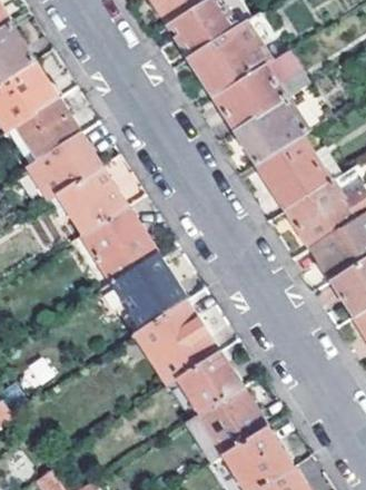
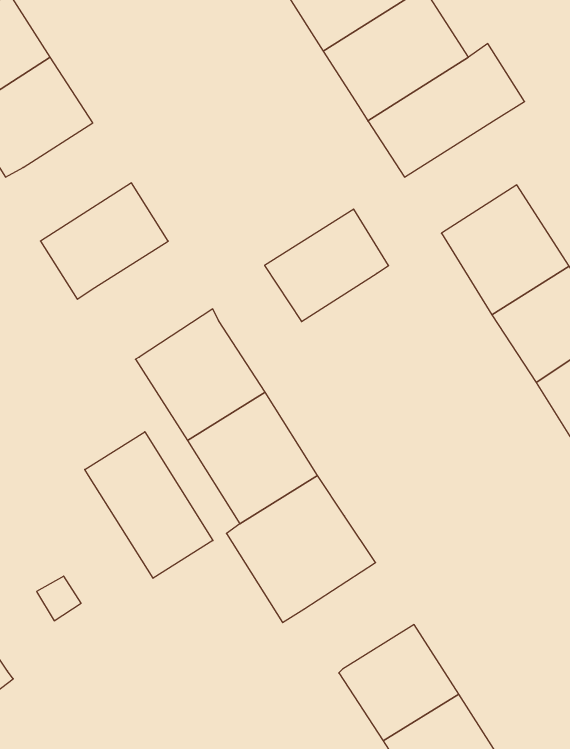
building: [236,97,307,161] -> [265,209,389,322]
building: [17,98,79,158] -> none
building: [58,166,126,233] -> none
building: none -> [85,432,213,578]
building: [178,351,241,412] -> none

